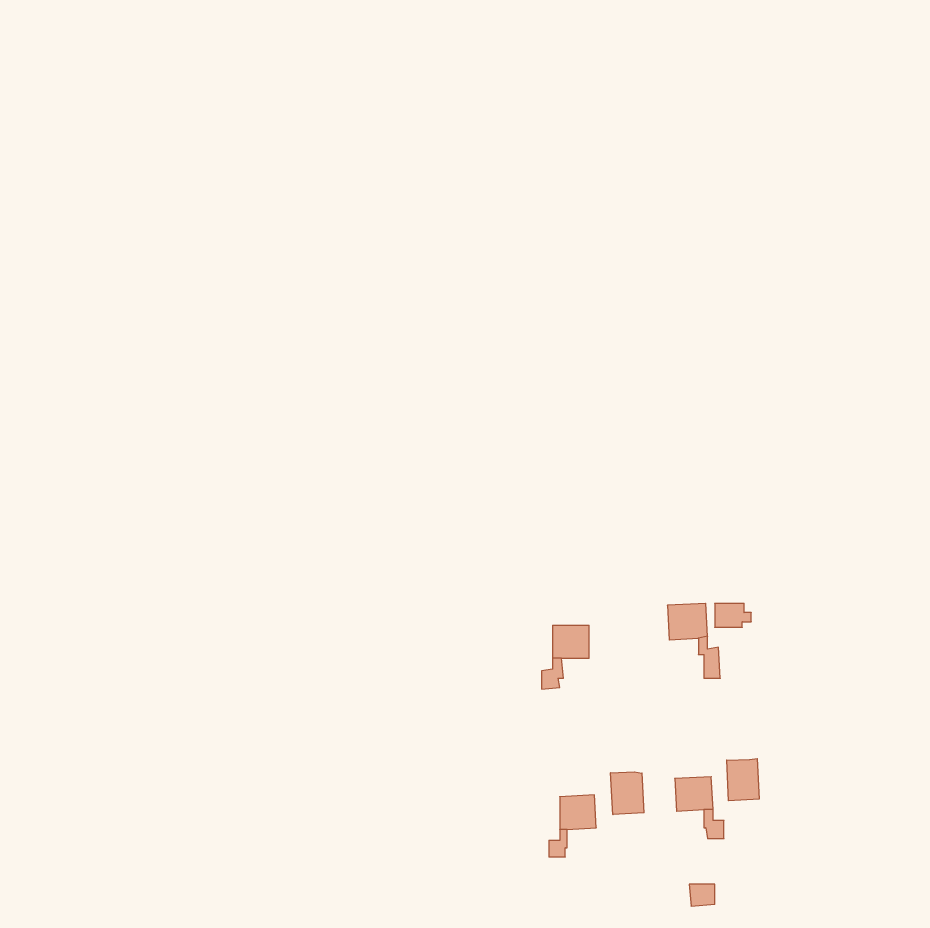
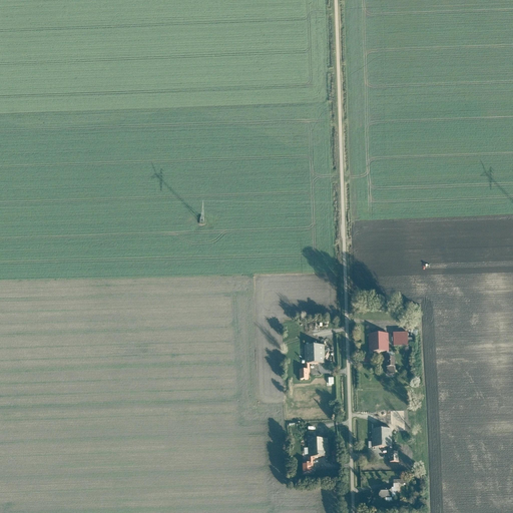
building: [727,759,759,801] -> none
building: [611,772,644,815] -> none

